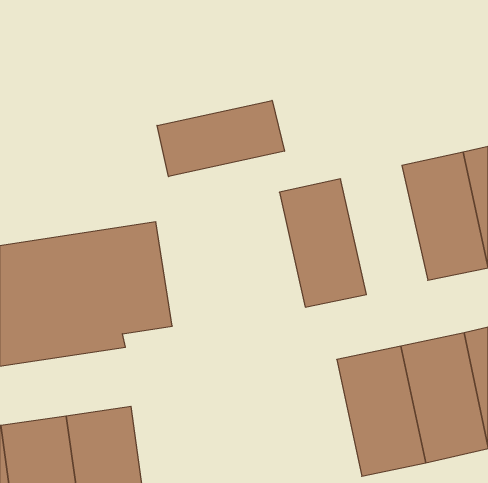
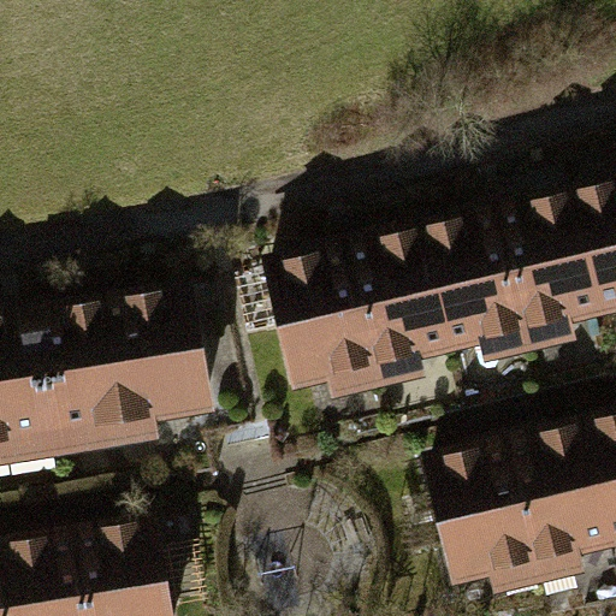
building: [157,100,284,177] -> none
building: none -> [428,215,538,378]
building: none -> [276,249,384,410]

